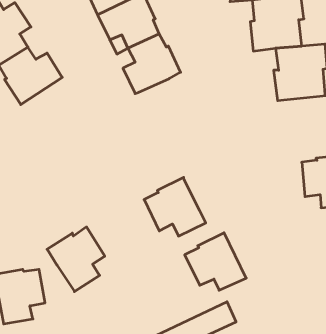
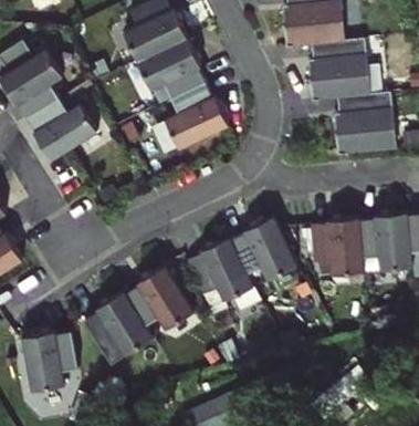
building: none -> [311,219,365,277]
building: none -> [125,266,195,329]
building: [185,233,246,290] -> [232,218,300,281]

